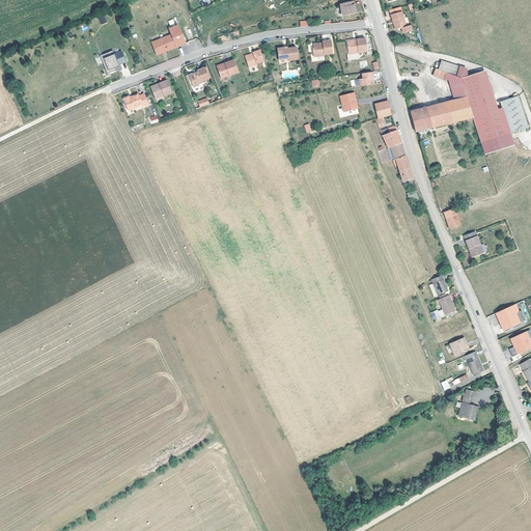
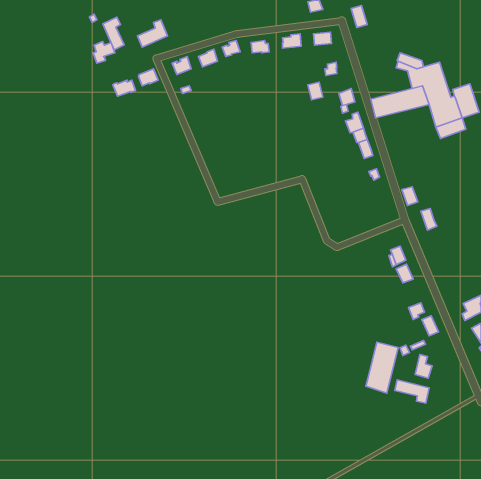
building: none -> [103,17,124,50]
building: [495,303,525,331] -> none
building: none -> [366,342,398,393]
building: none -> [395,380,429,403]

